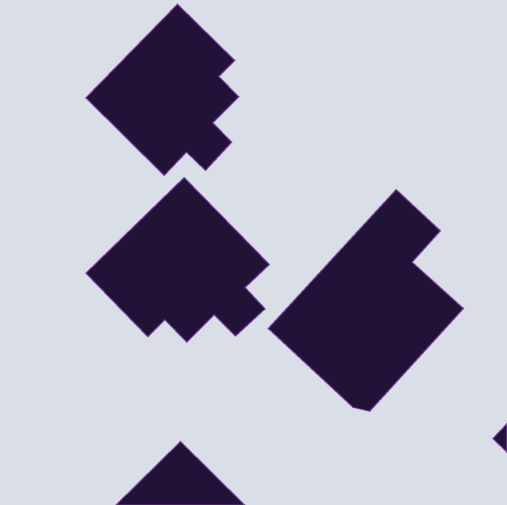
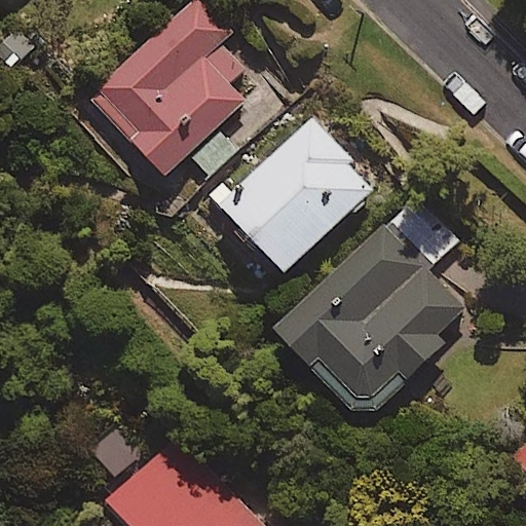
building: none -> [205,112,381,276]
building: [86,178,269,342] -> none

